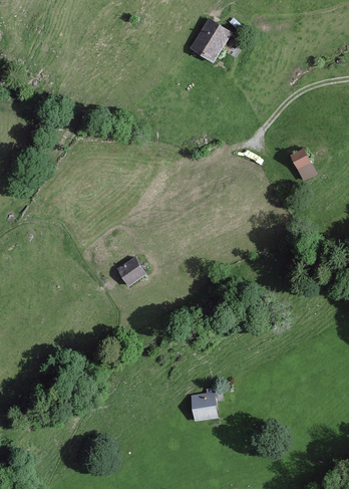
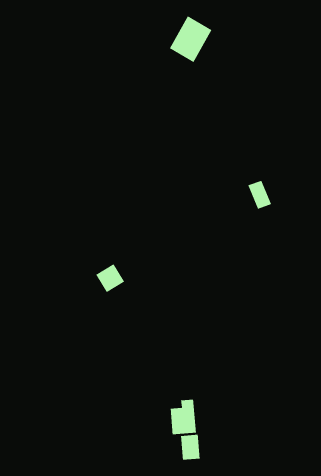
building: [294,149,318,178] -> [247,180,272,210]
building: none -> [180,434,201,461]

